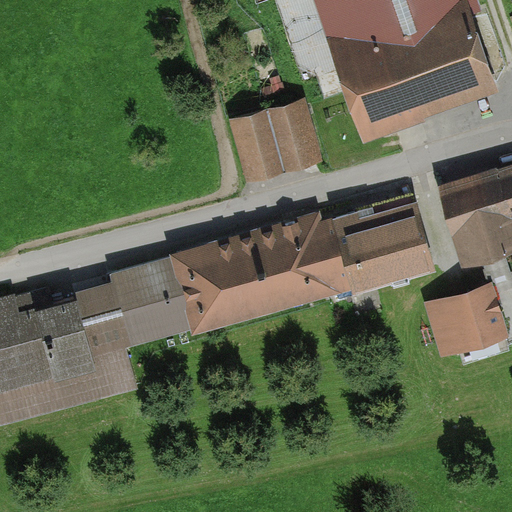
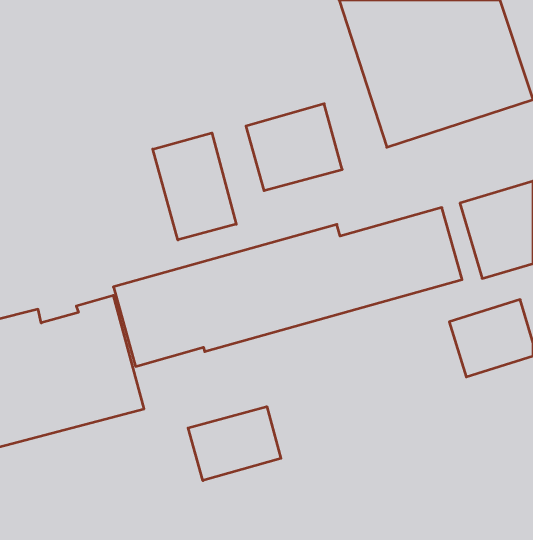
building: none -> [153,133,236,240]
building: none -> [188,407,281,481]

